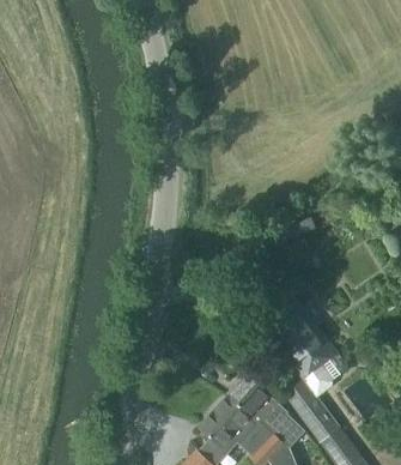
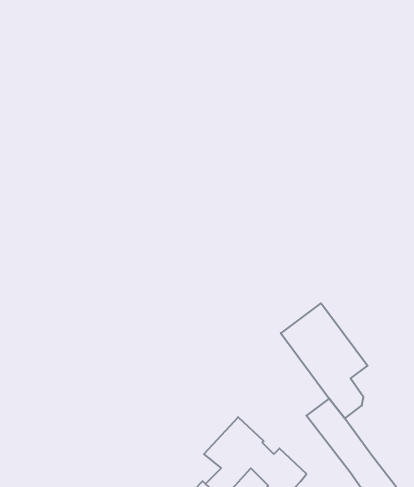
building: [229,374,306,451] -> none

